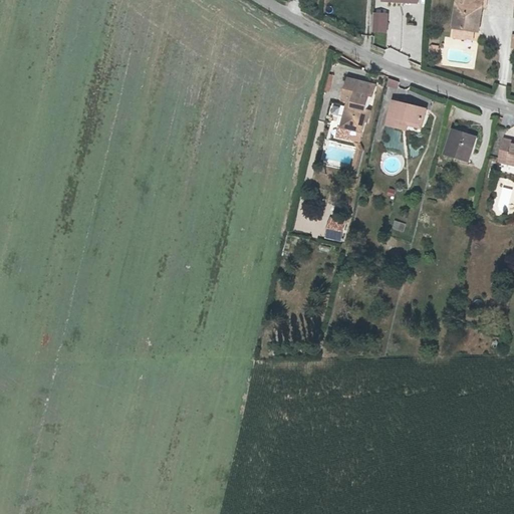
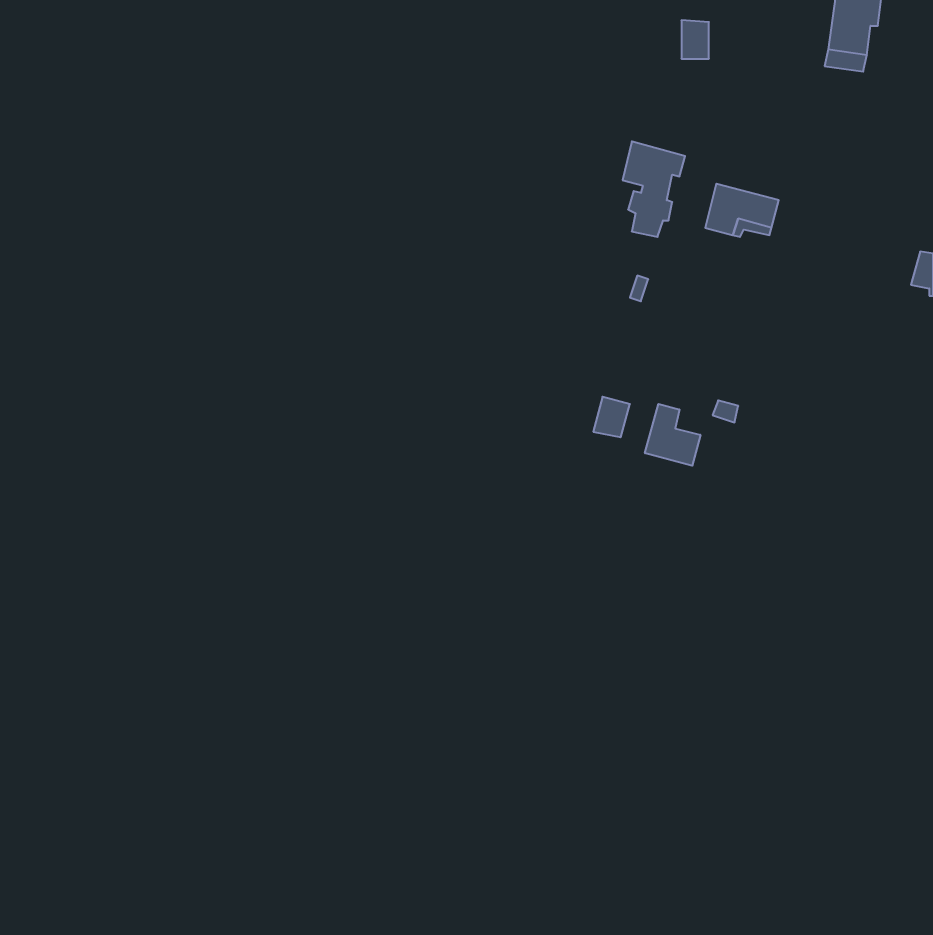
building: [444,128,475,162] -> none
building: none -> [645,404,700,466]

